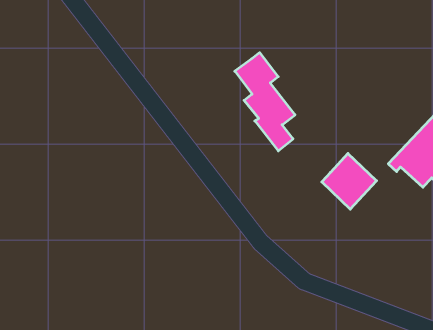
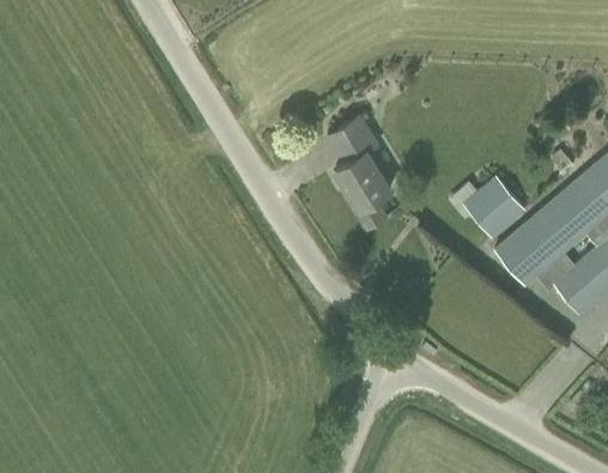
building: [322,153,377,209] -> [464,175,525,237]

